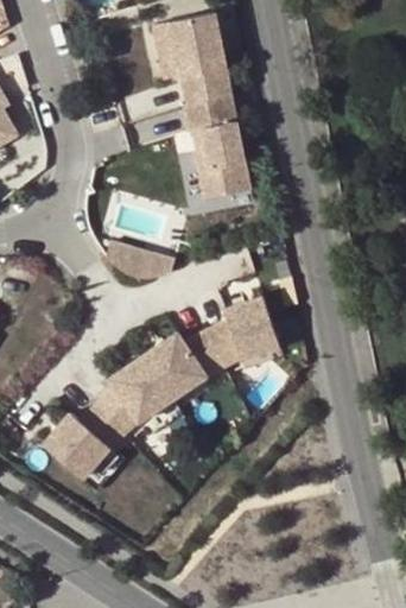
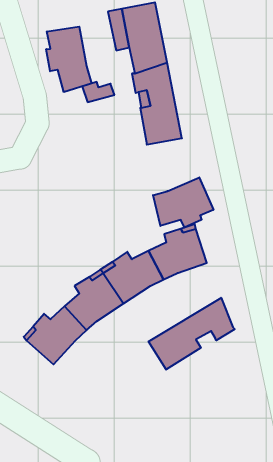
building: none -> [46,27,91,92]
building: none -> [153,177,213,228]
building: none -> [149,298,235,370]

